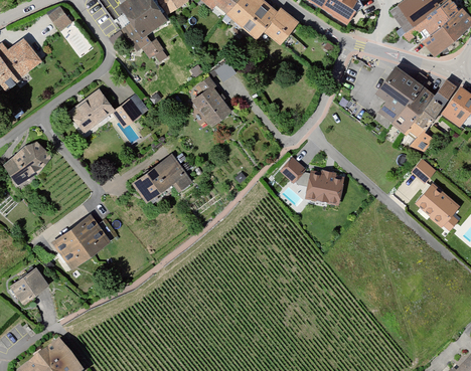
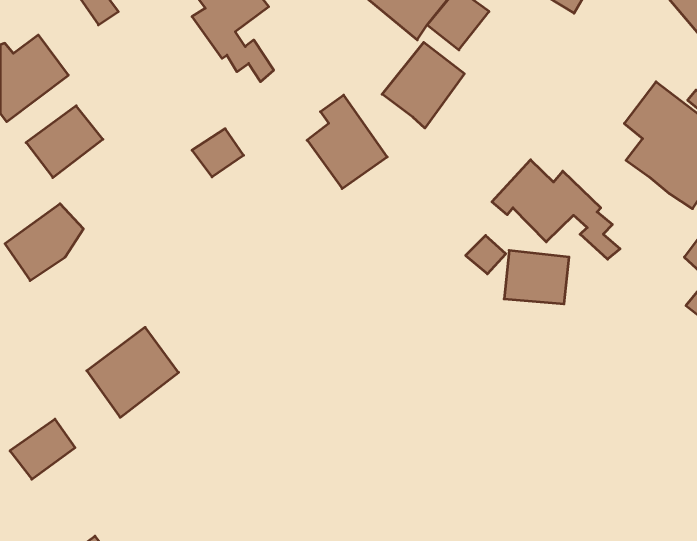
building: none -> [382,42,464,128]
building: [70,88,117,132] -> [26,106,103,178]
building: none -> [492,160,620,259]
building: [134,154,193,200] -> none

